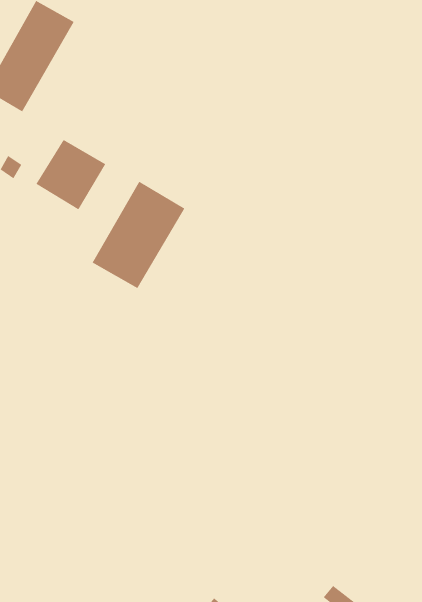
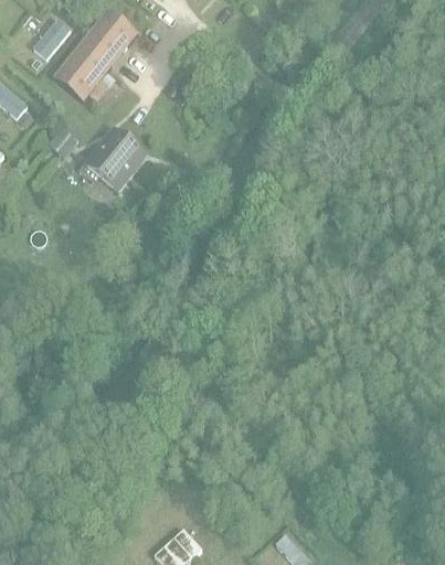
building: [92,181,185,289] -> none

